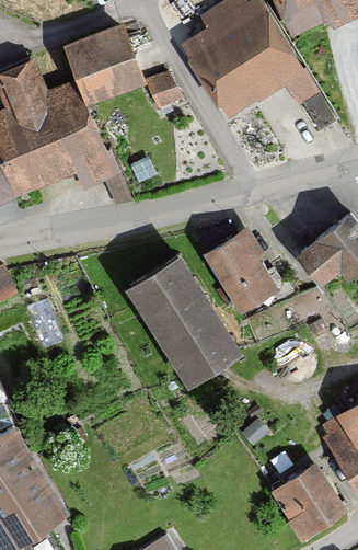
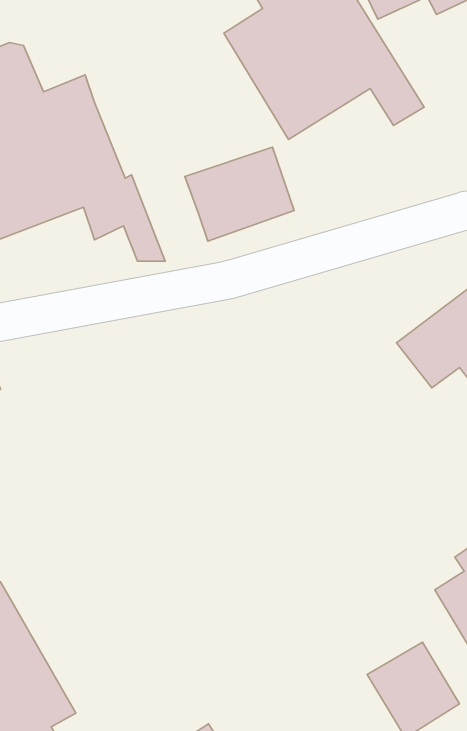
building: [66,23,143,90] -> [185,147,294,241]
building: [147,67,185,107] -> none
building: [209,237,277,316] -> none
building: [136,272,235,389] -> none

